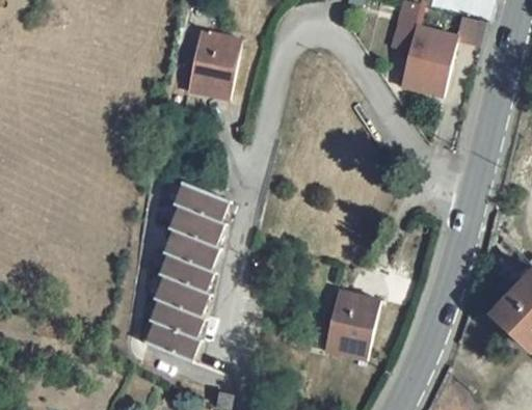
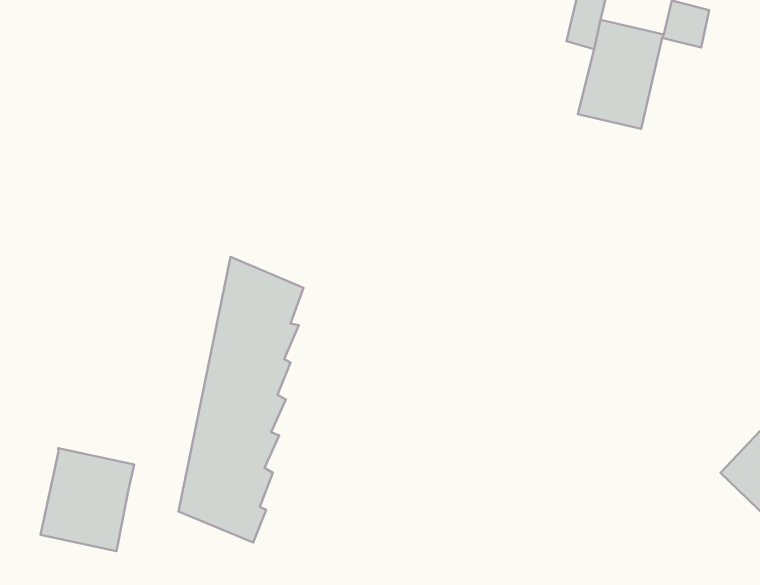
building: [191,34,238,99] -> none
building: none -> [40,448,134,551]
building: [325,300,374,372] -> none

